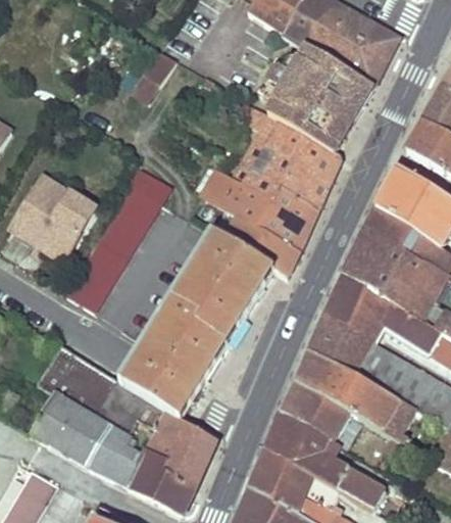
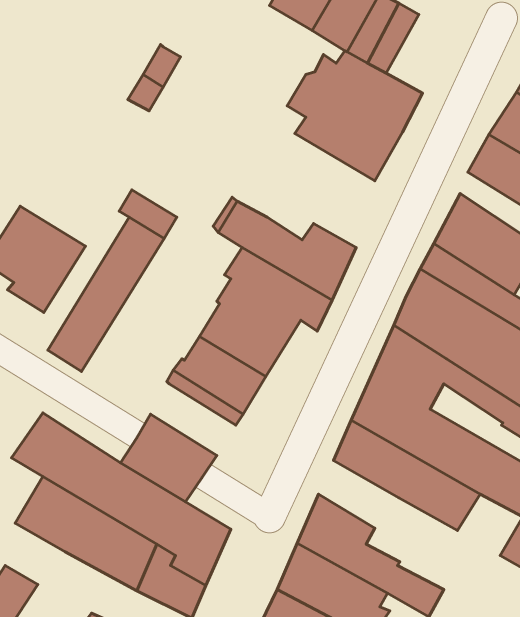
building: [340,19,396,84] -> none
building: [243,107,338,209] -> none
building: [148,321,217,379] -> none
building: [285,383,350,441] -> none

